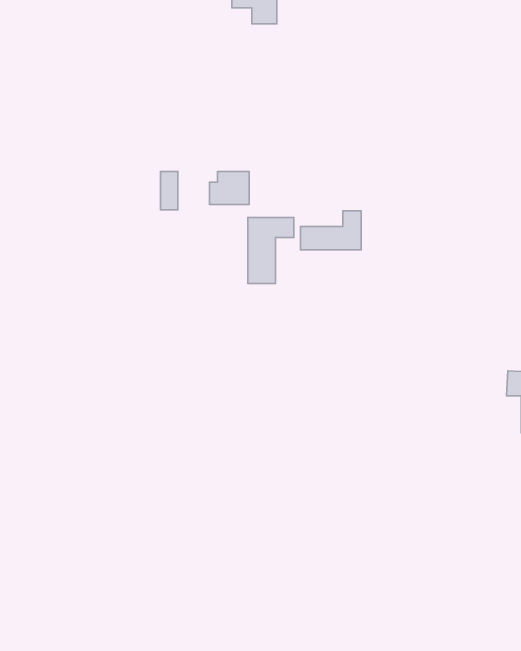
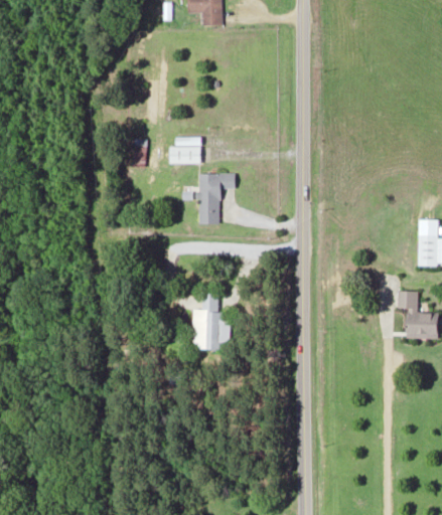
building: [301,211,361,250] -> none
building: none -> [192,293,228,349]

